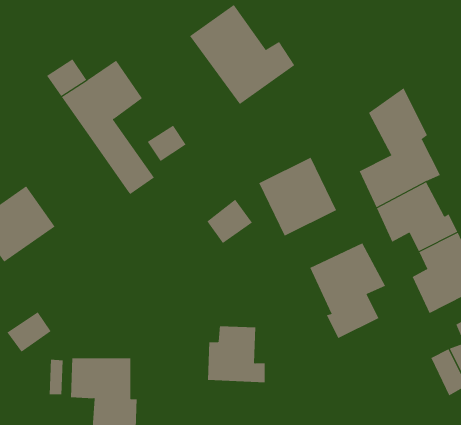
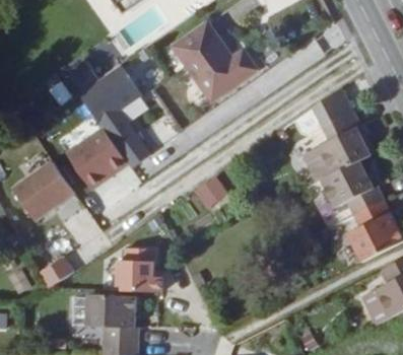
building: none -> [65,129,127,191]
building: [258,157,337,237] -> none
building: [309,243,386,339] -> none
building: [207,326,265,383] -> [118,245,162,289]

